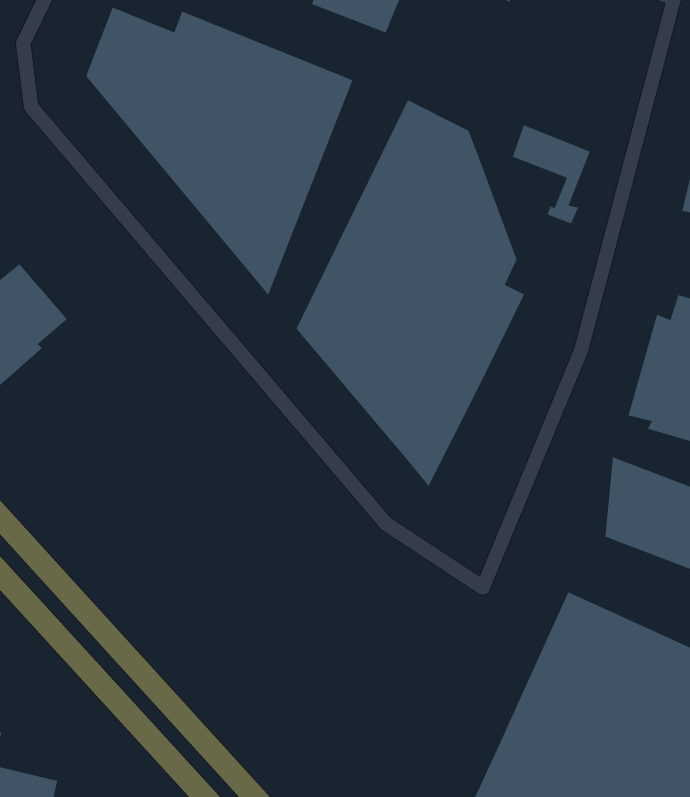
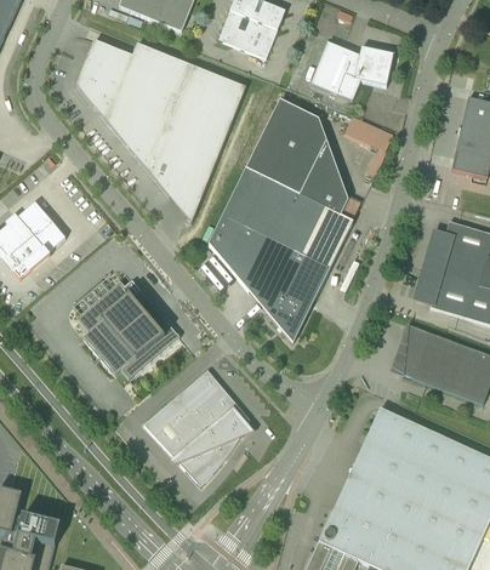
building: none -> [310,41,393,101]
building: none -> [76,280,180,380]
building: none -> [143,369,255,486]

